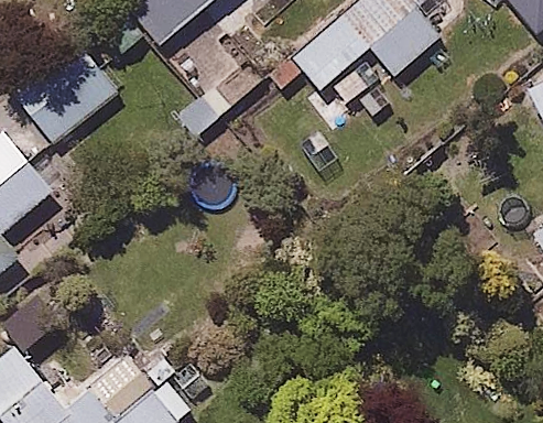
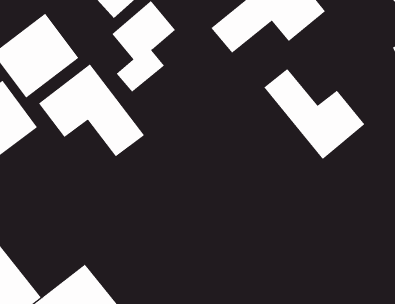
building: none -> [38,63,145,157]
building: none -> [263,68,365,160]

